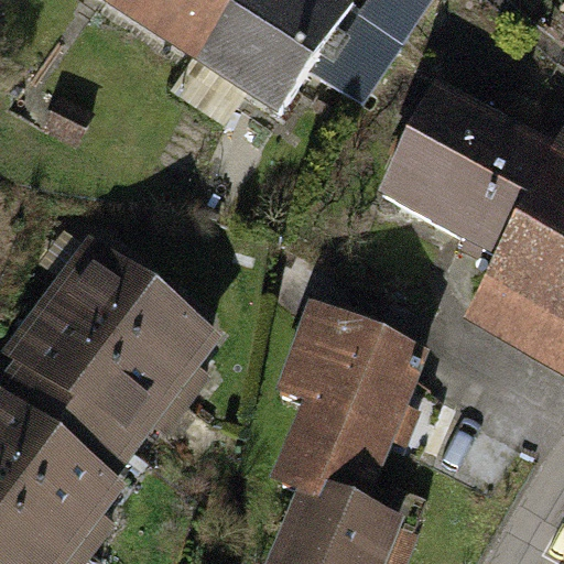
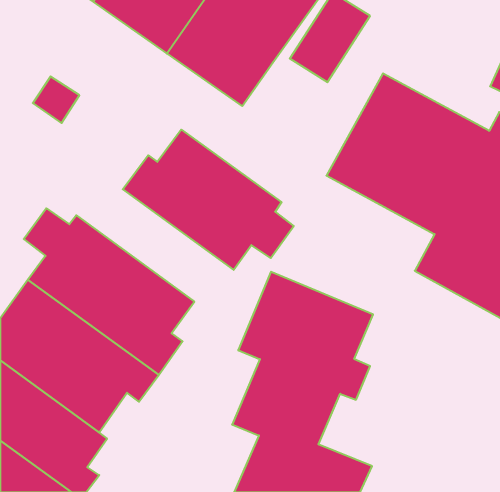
building: none -> [123,130,294,270]

